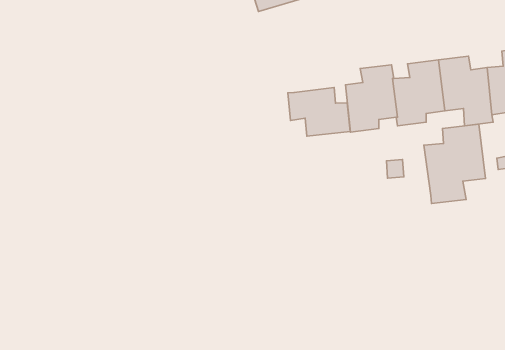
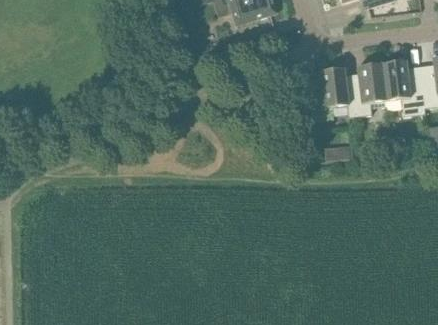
building: [288,87,350,136] -> none
building: [424,124,486,204] -> none

